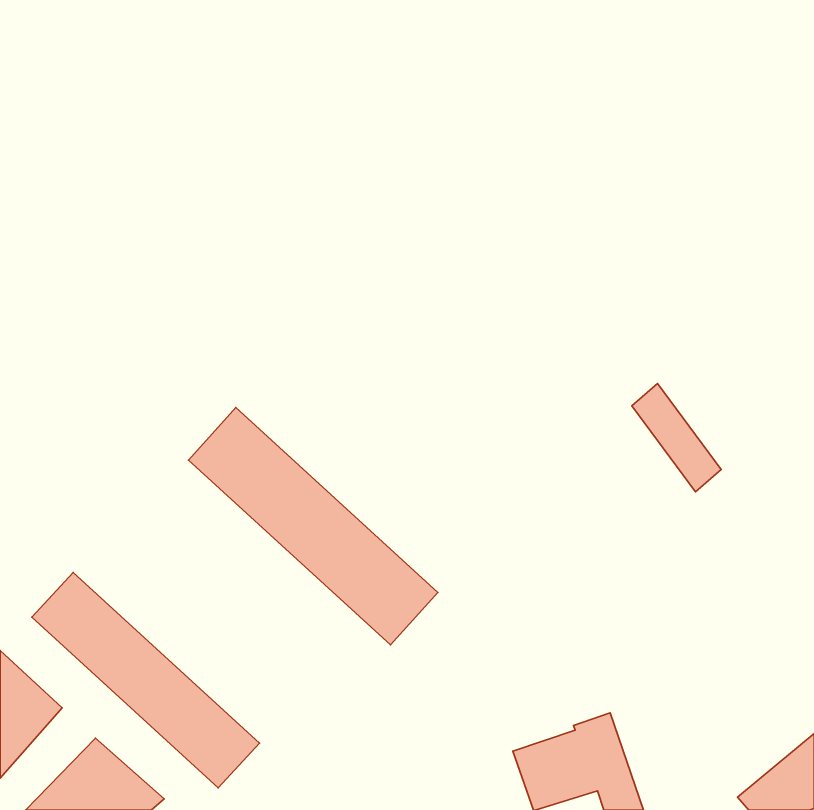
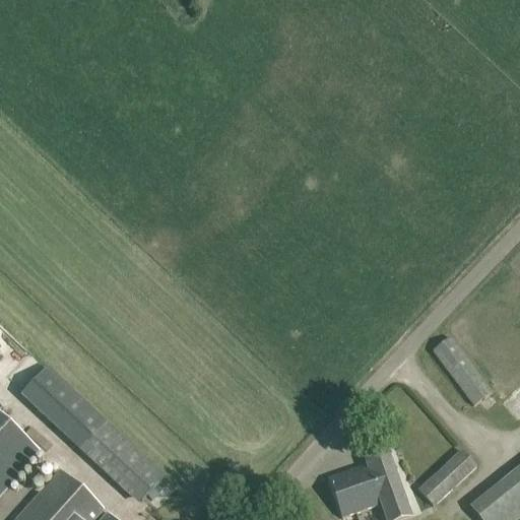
building: [632,384,721,492] -> [434,336,491,405]
building: [189,408,438,645] -> none
building: none -> [418,450,475,505]

